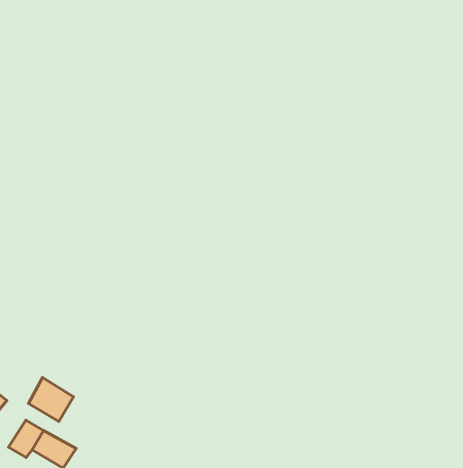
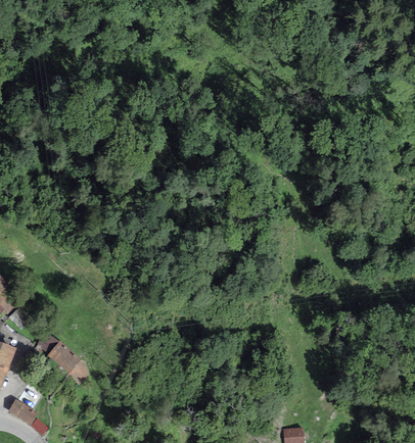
building: [28,377,73,422] -> none

